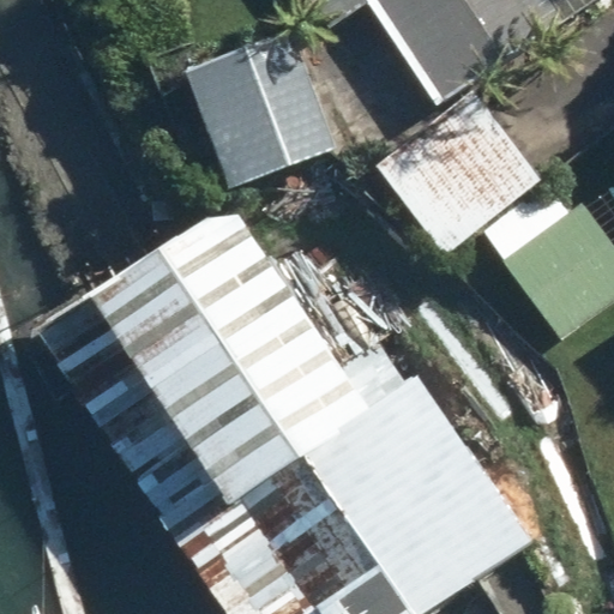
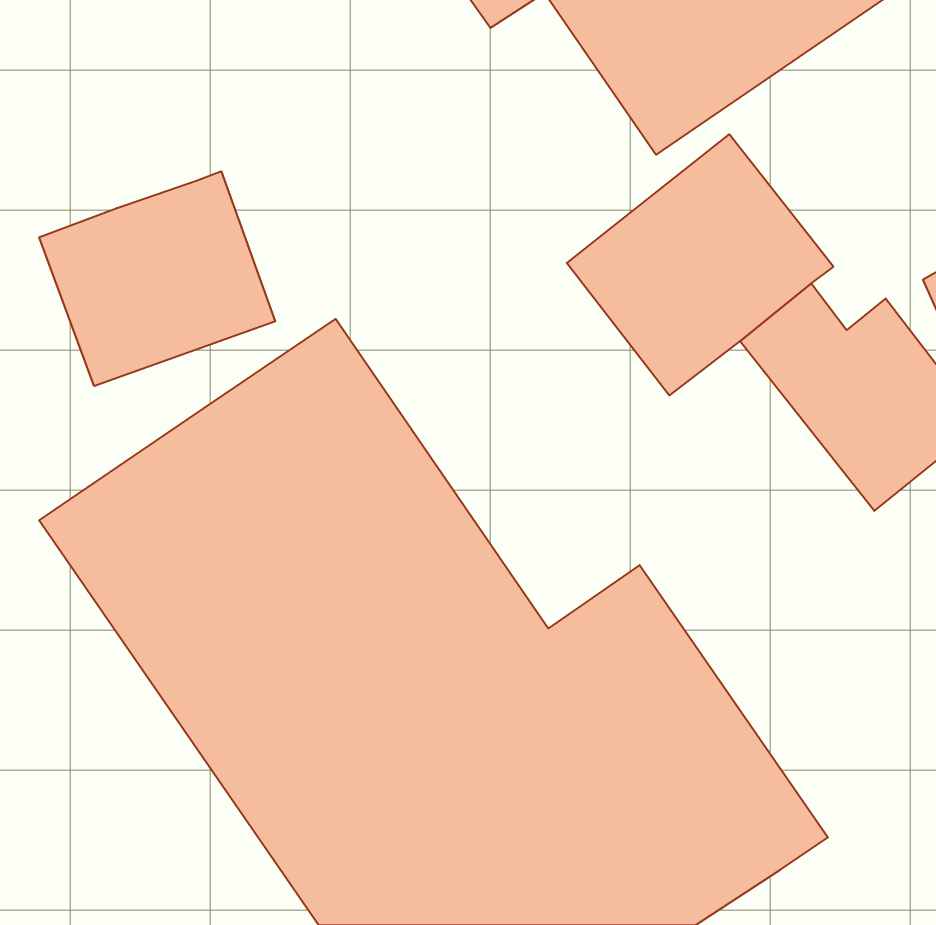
building: [182,25,342,187] -> none
building: none -> [39,171,275,386]

